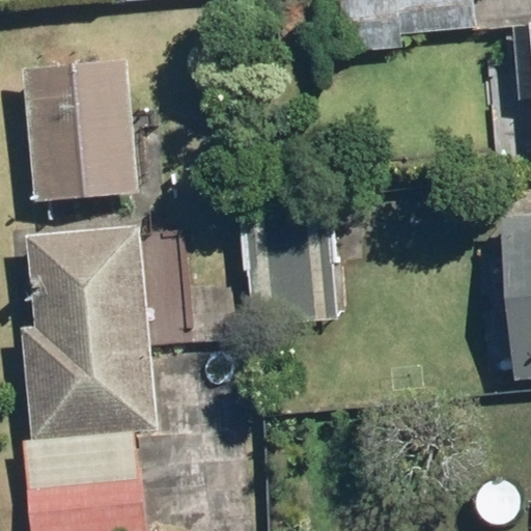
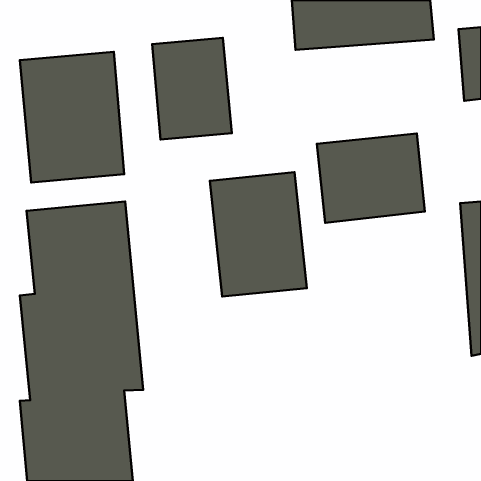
building: none -> [152,38,232,140]
building: none -> [317,134,425,223]

